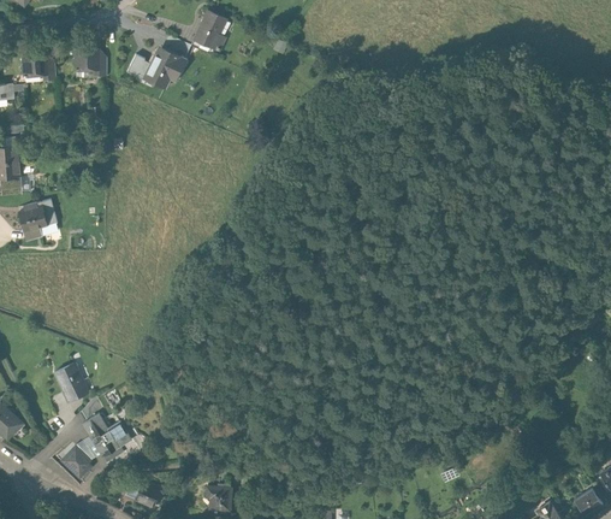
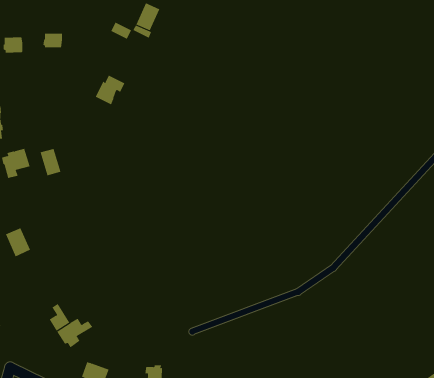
building: [144,45,184,84] -> [95,75,125,105]
building: none -> [40,148,61,176]
building: [54,362,88,401] -> [5,228,31,257]
building: [60,447,90,480] -> none

